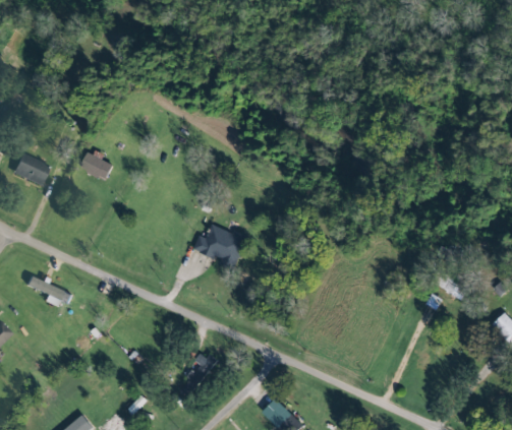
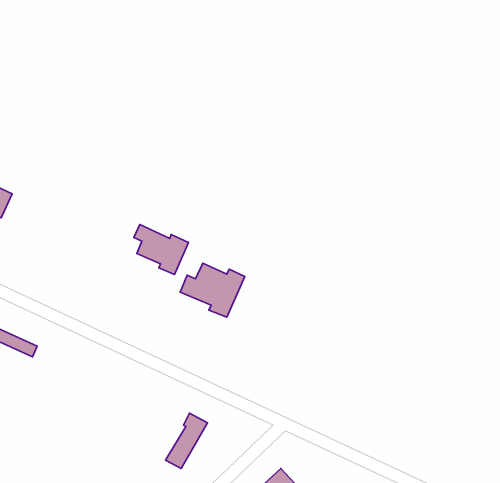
building: [79,152,113,180] -> none
building: none -> [134,225,188,274]

